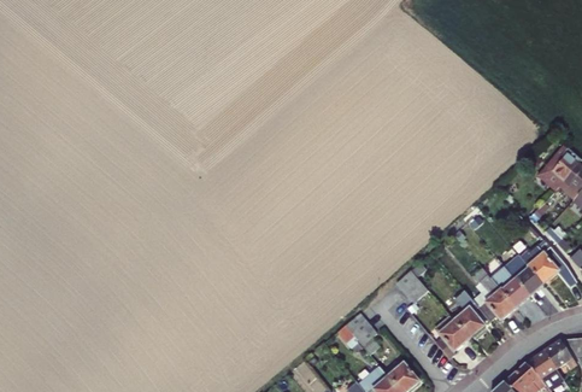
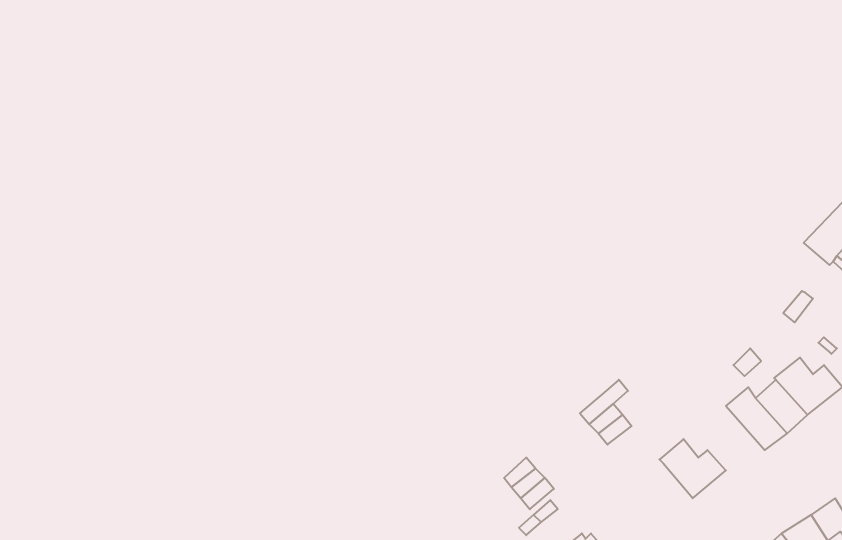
building: [474,274,515,321] -> none
building: [433,316,468,359] -> none

